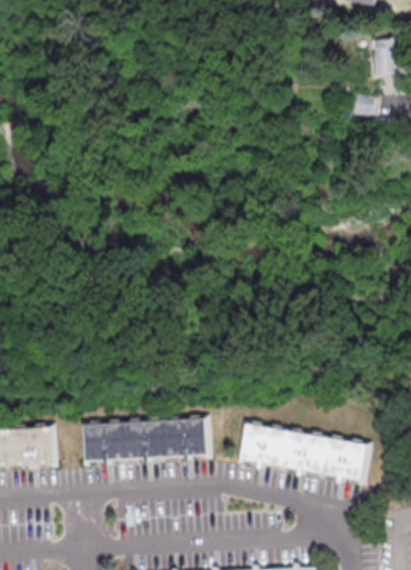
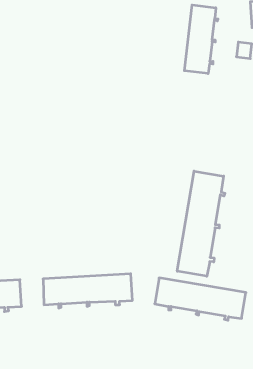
building: none -> [184,5,218,74]
building: none -> [177,171,225,276]

